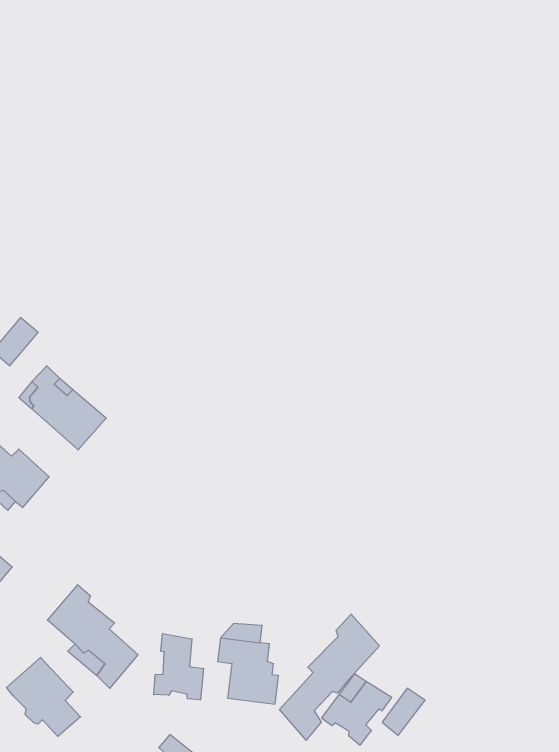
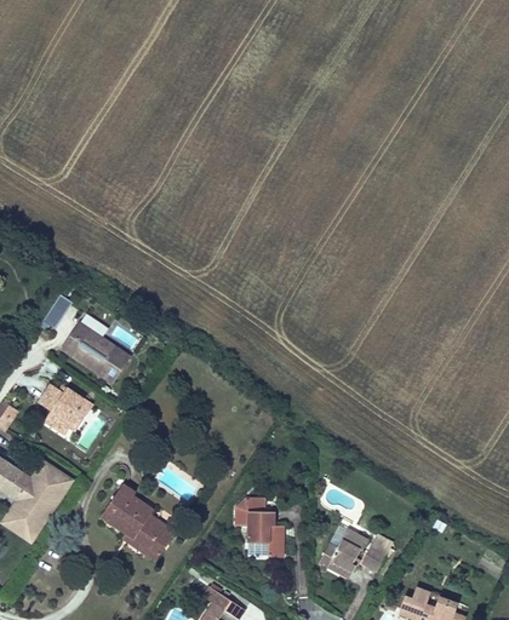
building: [280,614,379,740] -> none
building: [154,634,203,700] -> none
building: [7,657,81,736] -> none

